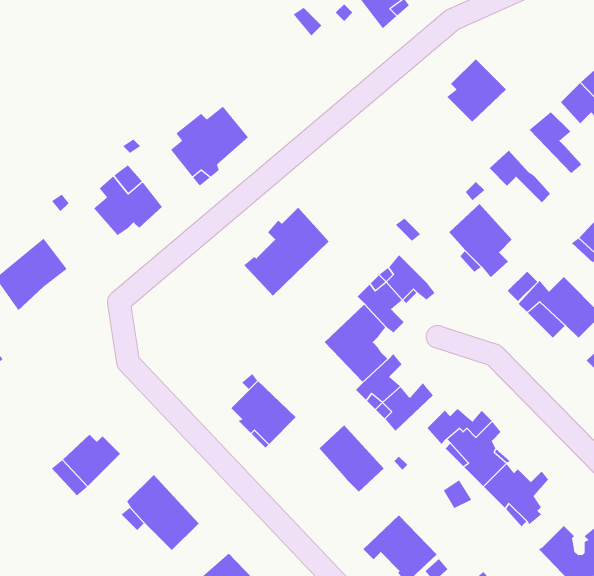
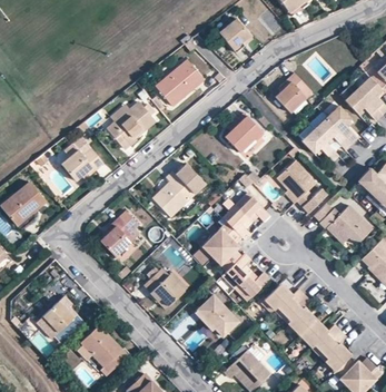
building: none -> [157,57,204,106]
building: none -> [225,111,264,153]
building: none -> [314,116,352,148]
building: none -> [100,213,137,256]
building: none -> [324,329,347,370]

